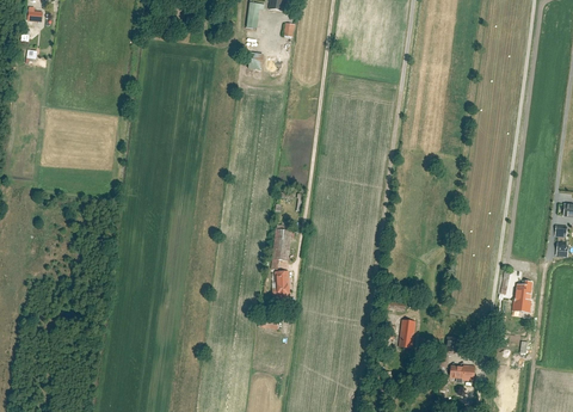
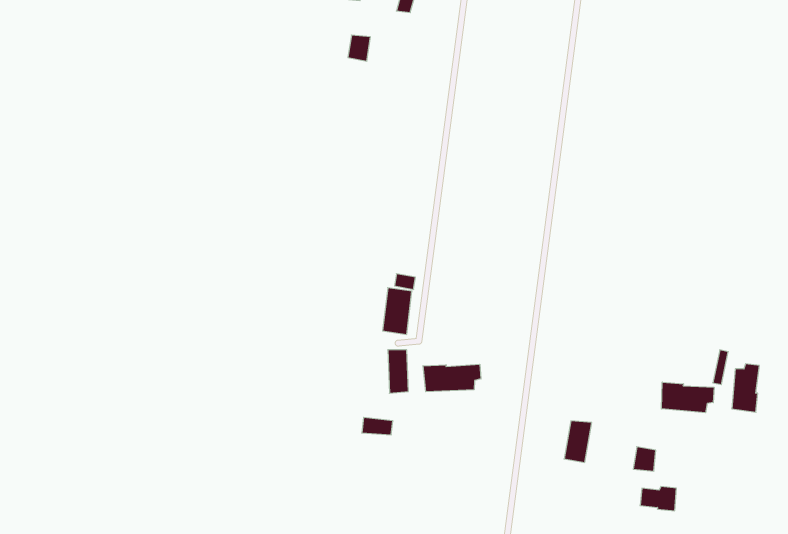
building: none -> [423,364,481,392]
building: none -> [661,382,714,413]

